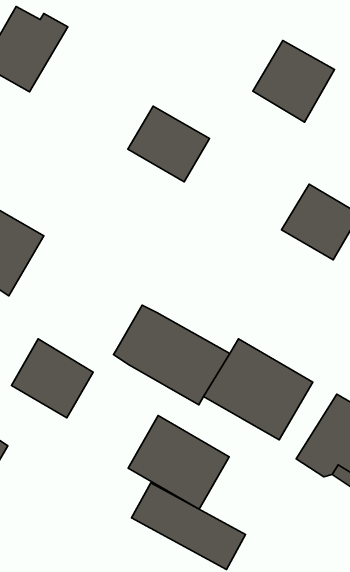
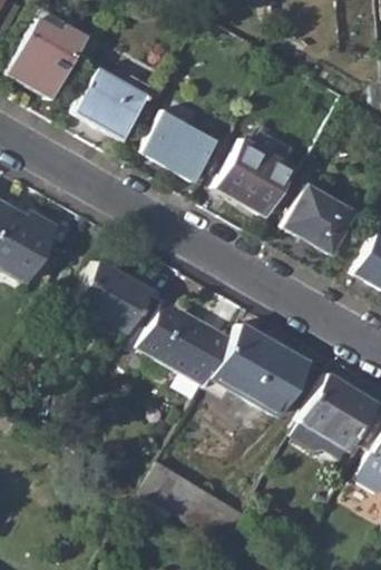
building: [253,41,335,122] -> [215,139,291,215]
building: none -> [74,69,146,139]
building: [12,339,93,418] -> [78,264,154,337]
building: [128,416,229,509] -> none

